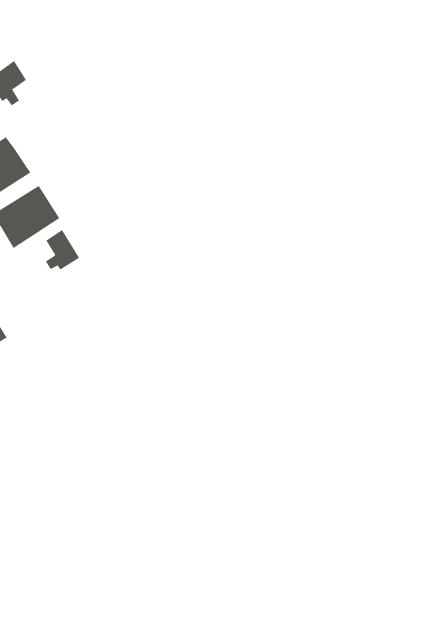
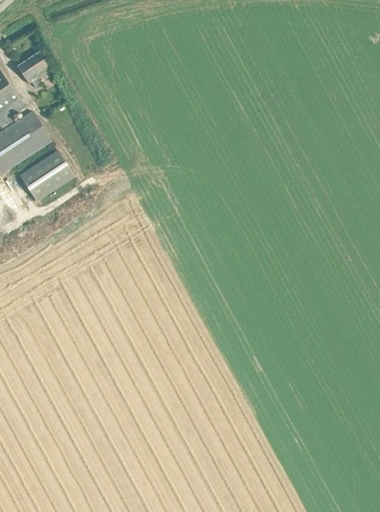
building: [45,229,80,271] -> none

